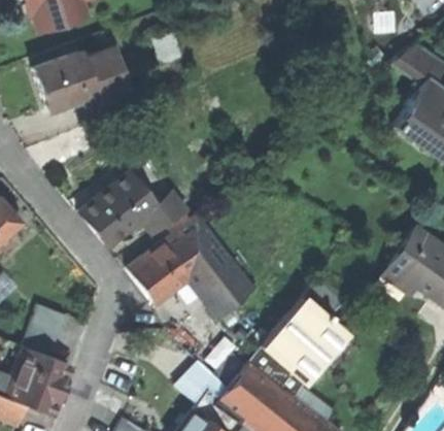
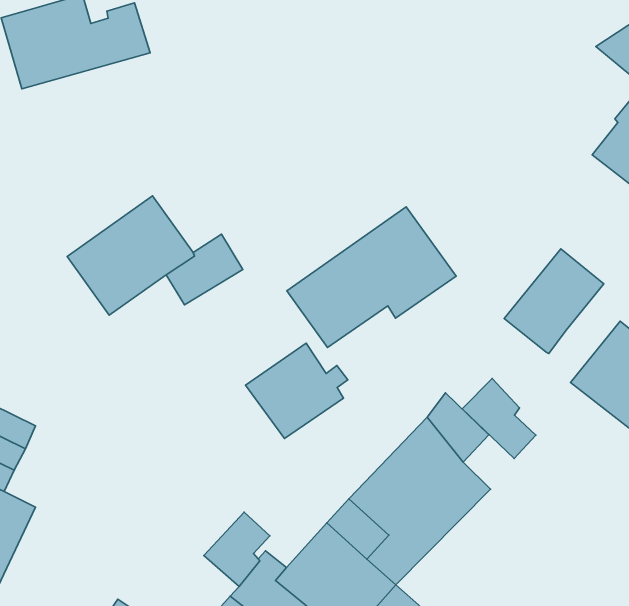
building: none -> [504,249,604,353]
building: [128,214,230,303] -> [287,207,456,348]
building: none -> [462,379,536,458]

